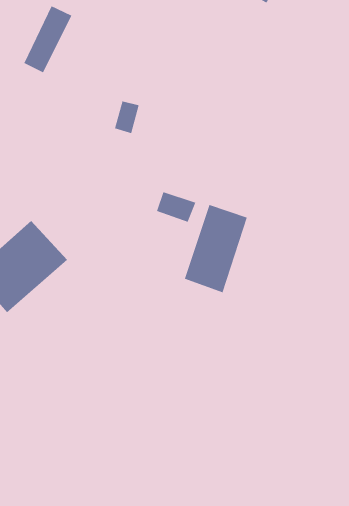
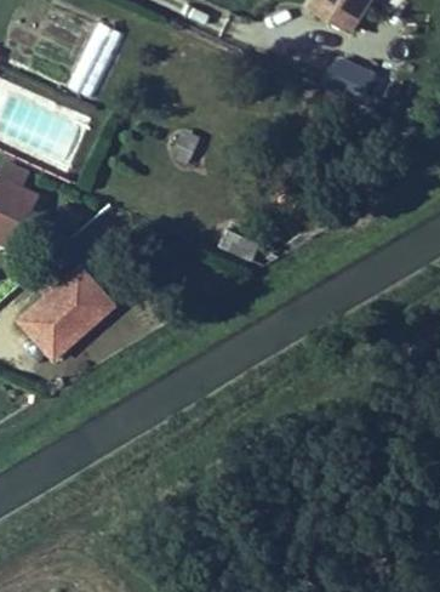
building: none -> [331,58,375,95]
building: [184,204,247,293] -> none

